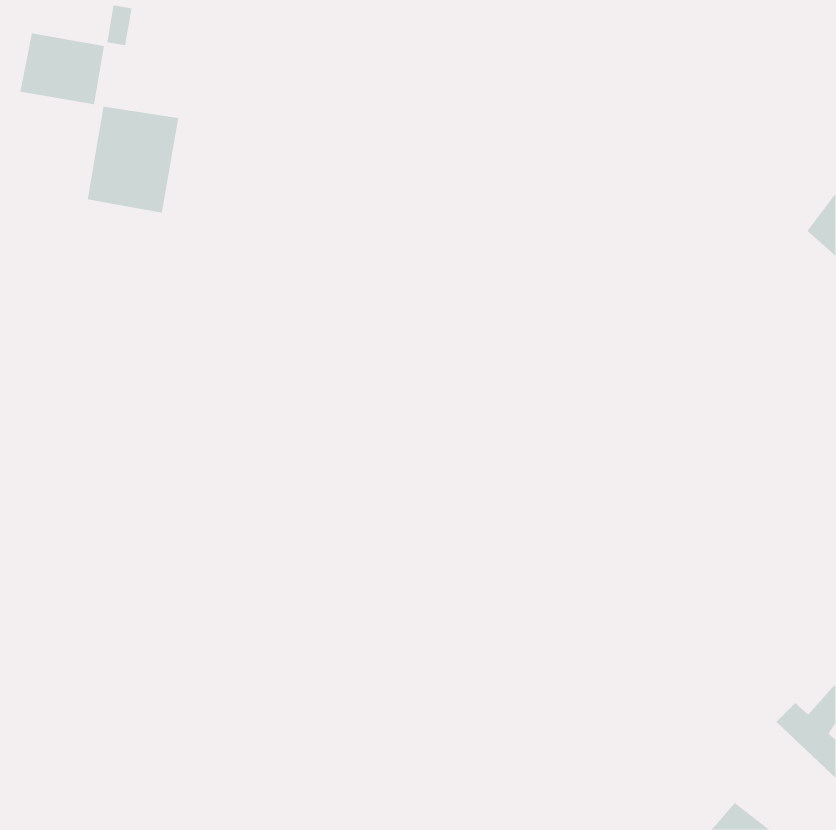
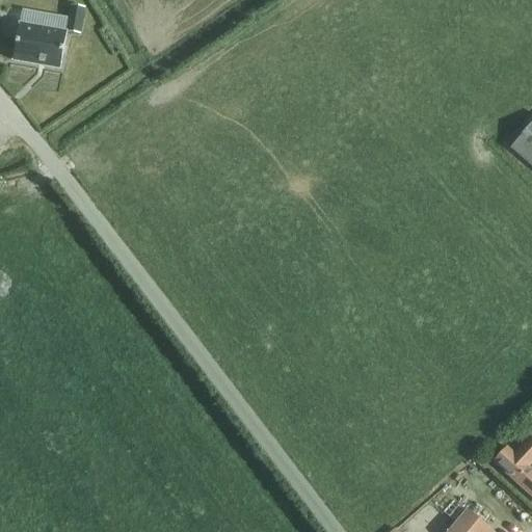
building: [87,106,179,214] -> none

